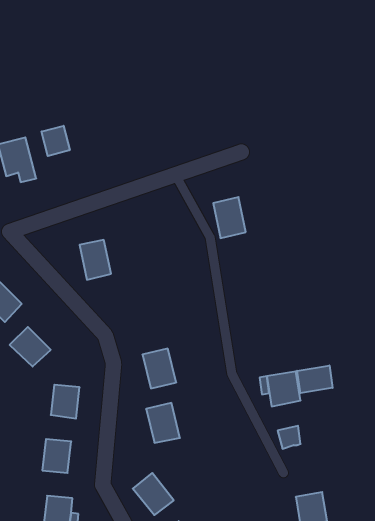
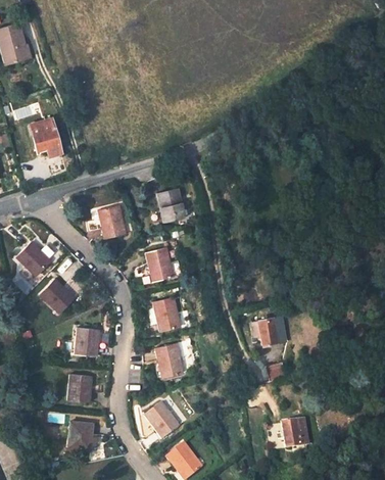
building: [42,126,70,156] -> none
building: [213,197,246,238] -> [157,188,185,223]
building: none -> [146,247,181,281]
building: [297,365,333,393] -> none

